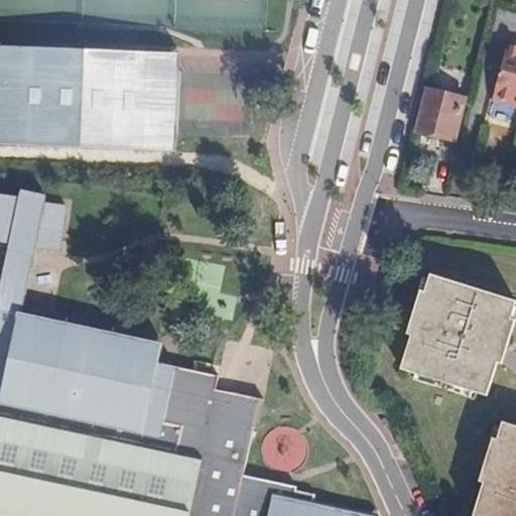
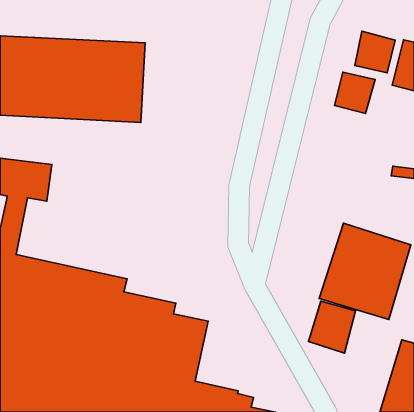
building: none -> [355,31,395,73]
building: none -> [309,301,356,353]

